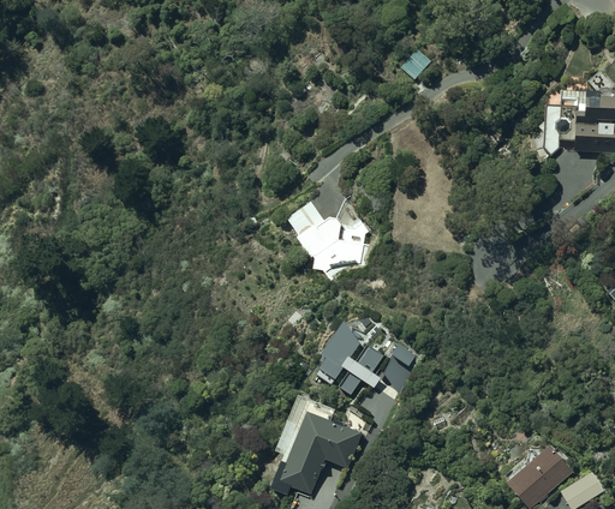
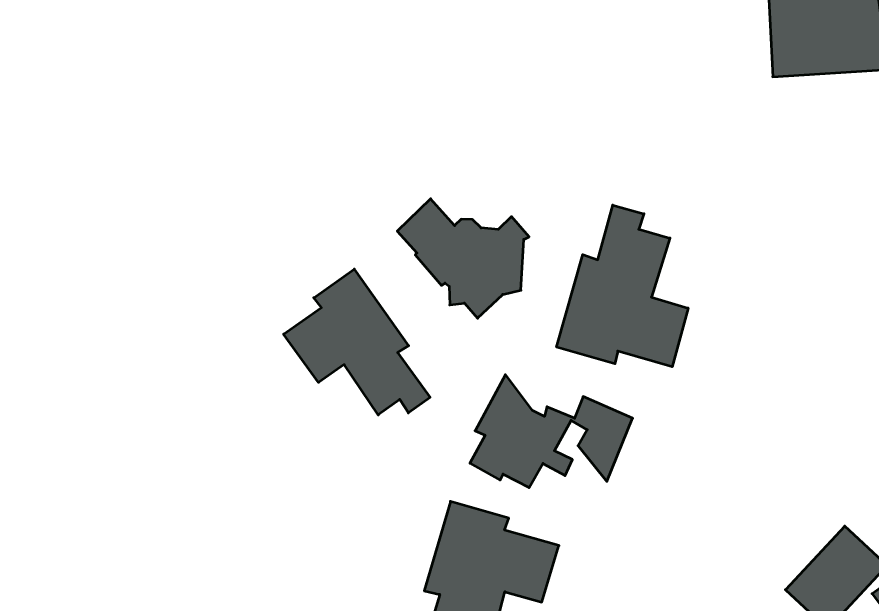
building: none -> [557,205,688,367]
building: none -> [284,269,430,415]

